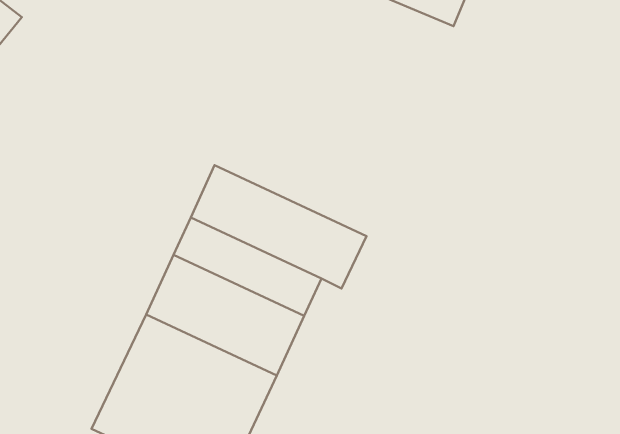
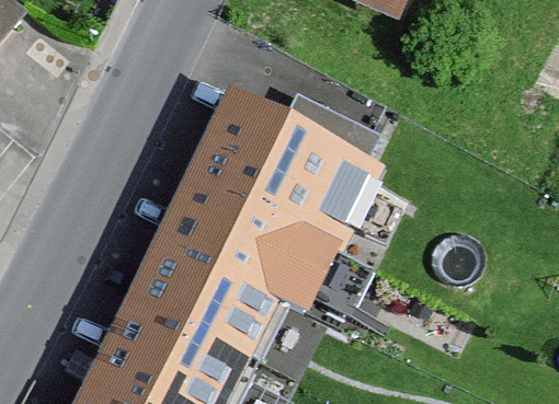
building: none -> [198,92,365,208]

